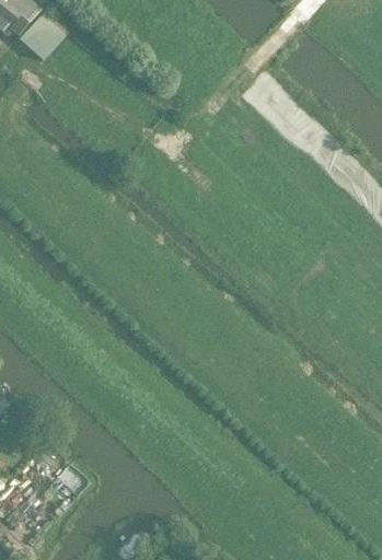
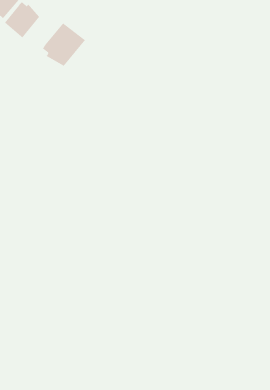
building: none -> [42,22,86,66]

